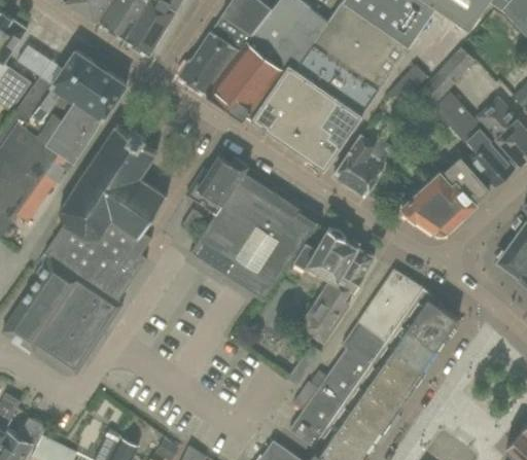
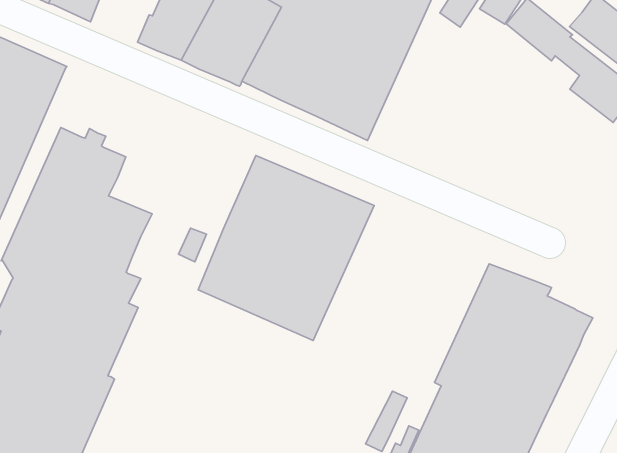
building: [333,135,392,197] -> none
building: [186,154,246,214] -> none
building: [402,157,489,232] -> none
building: [295,228,374,343] -> none

